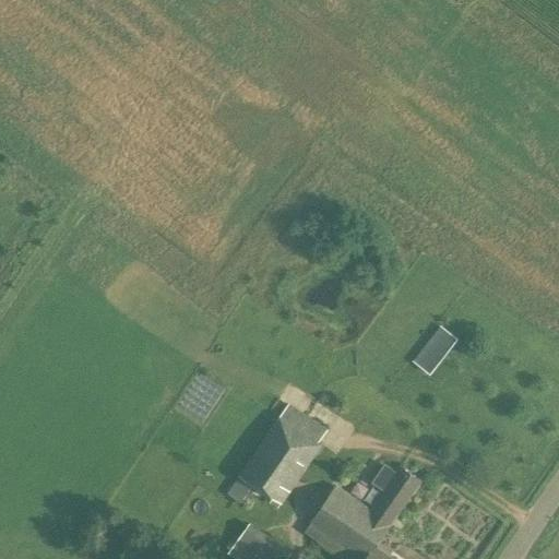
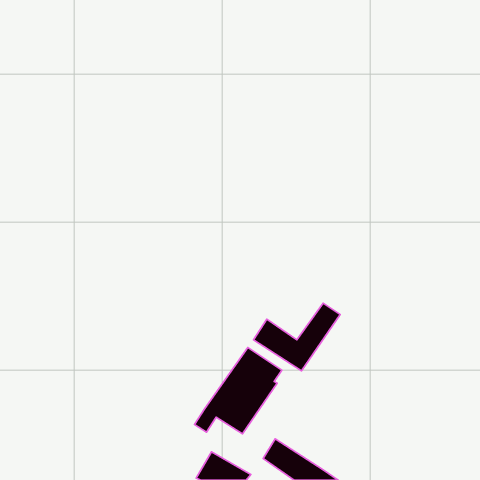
building: [412,324,457,374] -> none
building: [320,467,420,546] -> [254,303,340,371]

